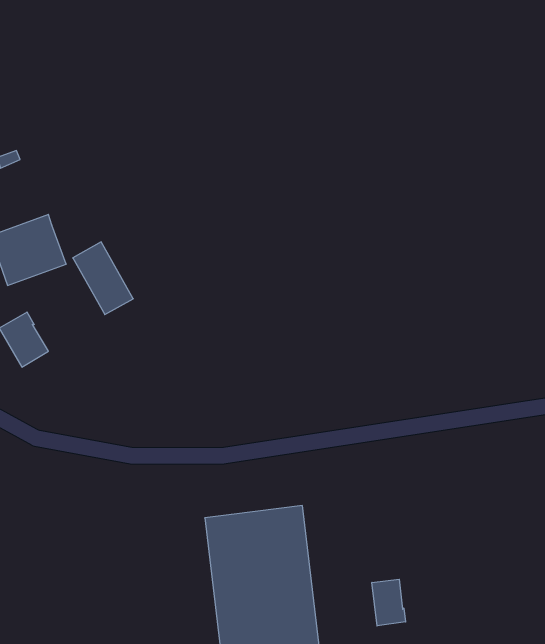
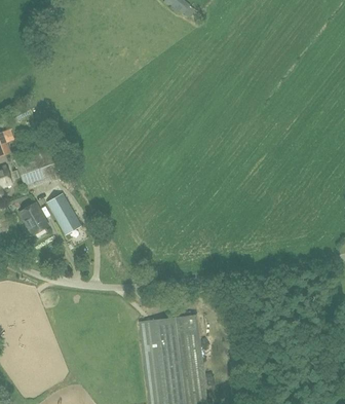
building: [73,242,133,315] -> [46,192,81,234]
building: [372,579,406,626] -> none

